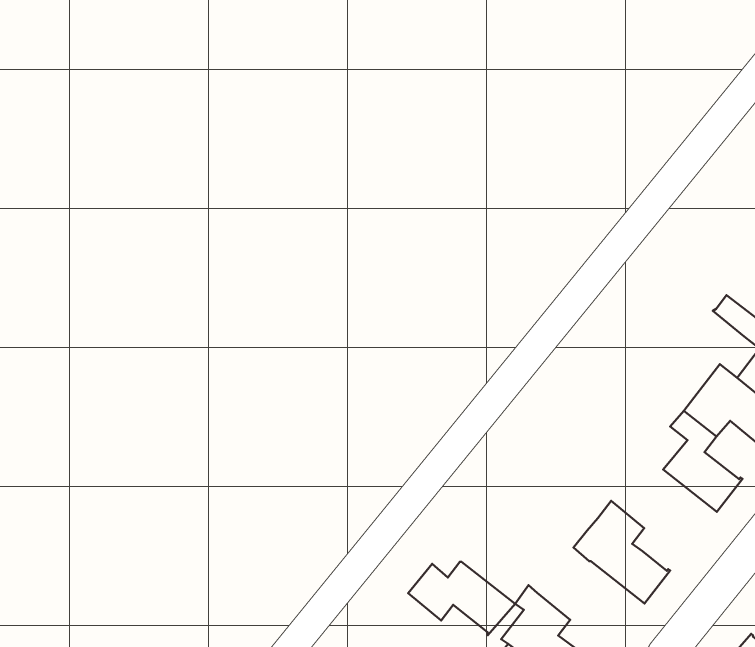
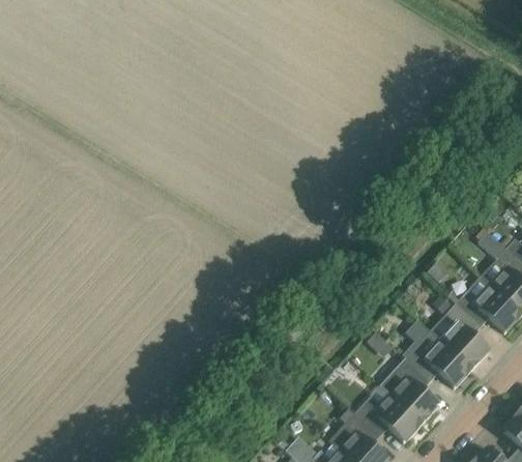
building: none -> [406,330,472,387]
building: [408,562,515,635] -> [355,395,423,442]

